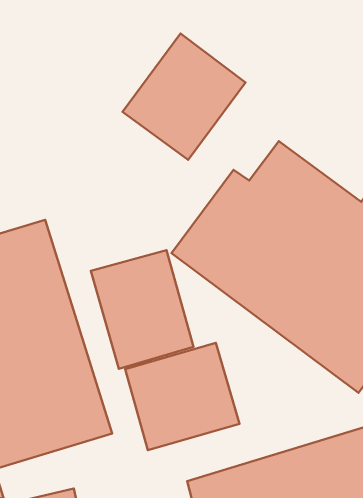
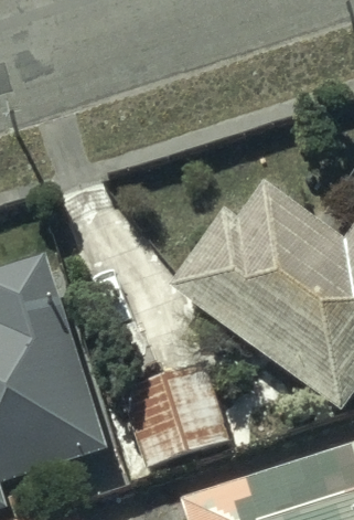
building: [123,33,246,160] -> none
building: [91,250,194,369] -> none

